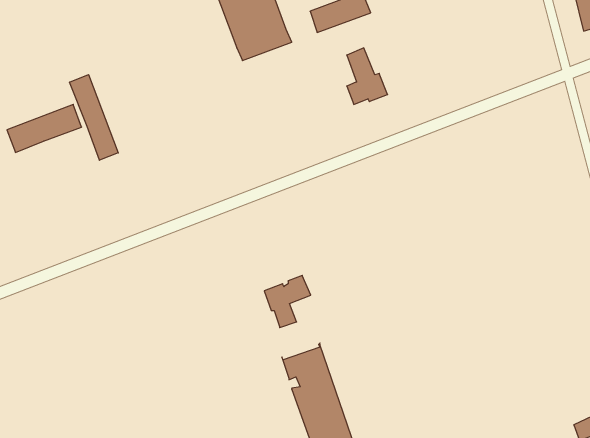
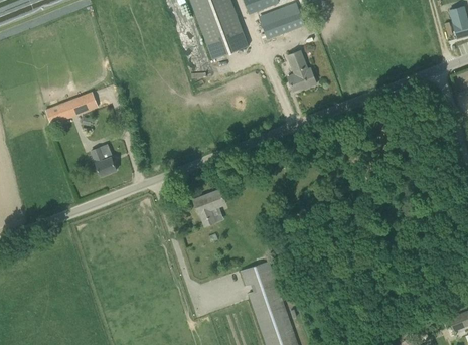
building: [70,75,118,160] -> none
building: none -> [91,146,116,175]
building: [264,275,311,328] -> [192,188,225,225]

